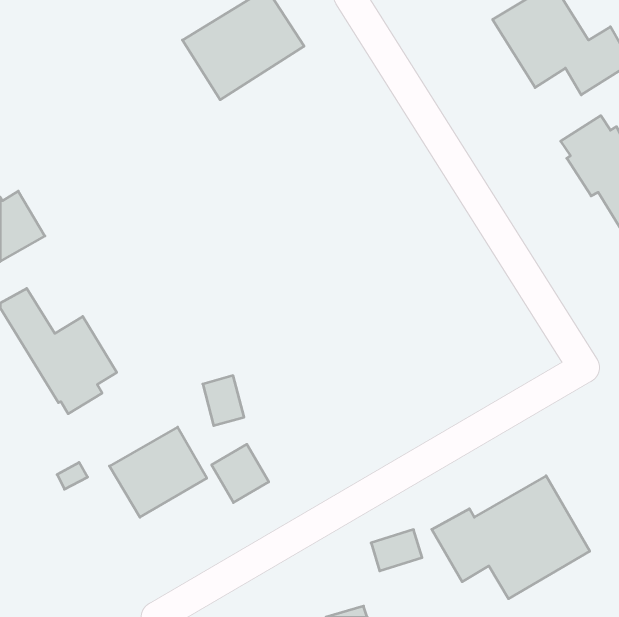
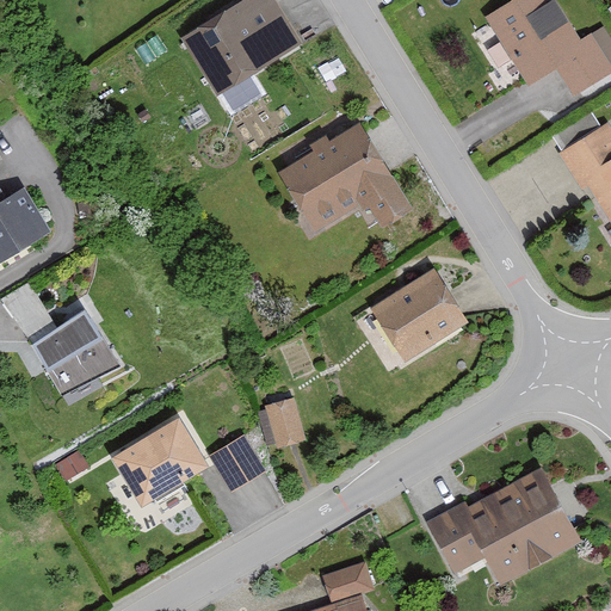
building: none -> [278,125,409,233]
building: none -> [370,266,465,363]
building: [203,376,244,426] -> [265,400,306,449]
building: [371,530,422,571] -> [323,560,374,600]

